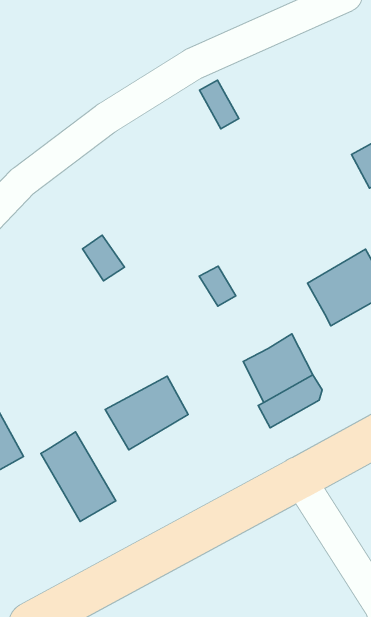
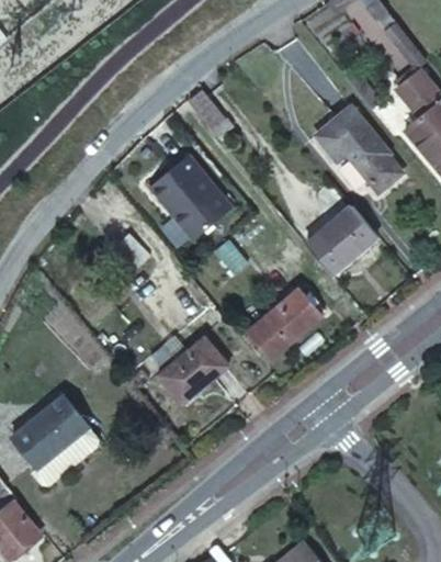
building: none -> [150,155,231,239]
building: [41,432,116,522] -> none

